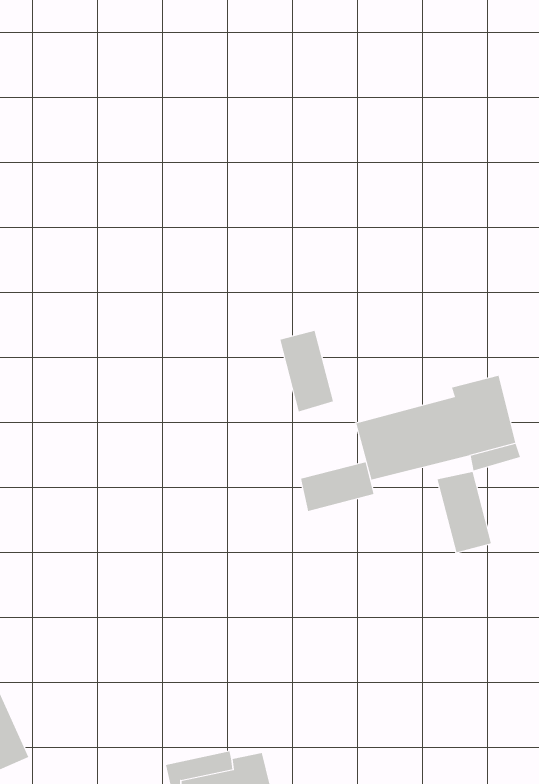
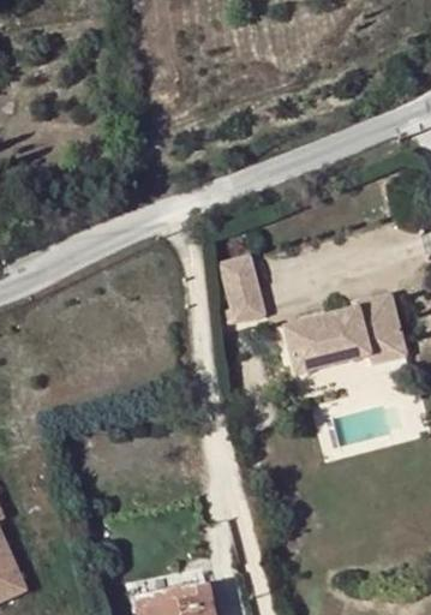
building: [300,461,374,512] -> none
building: [437,471,492,553] -> none

